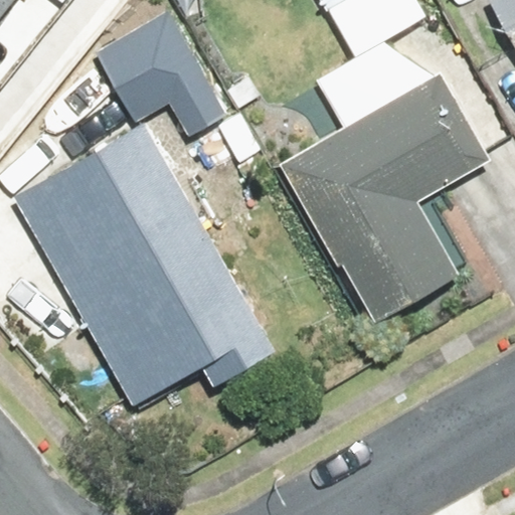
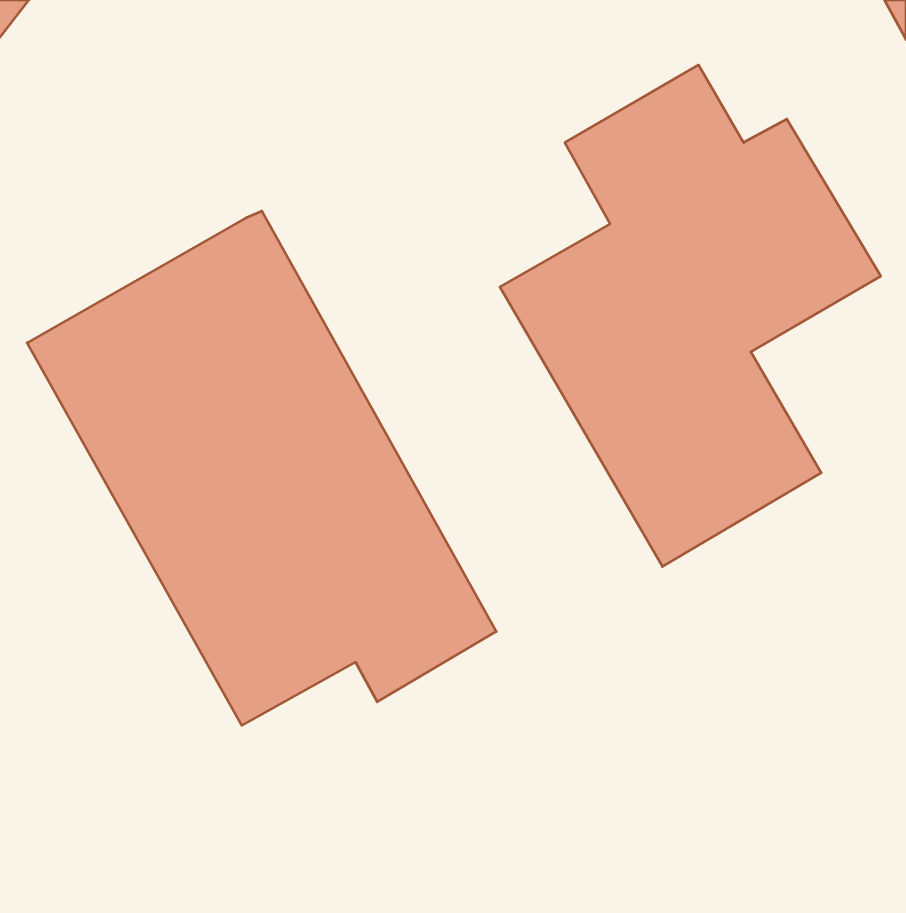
building: [94,10,226,139] -> none

